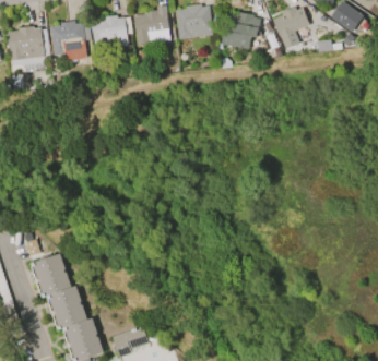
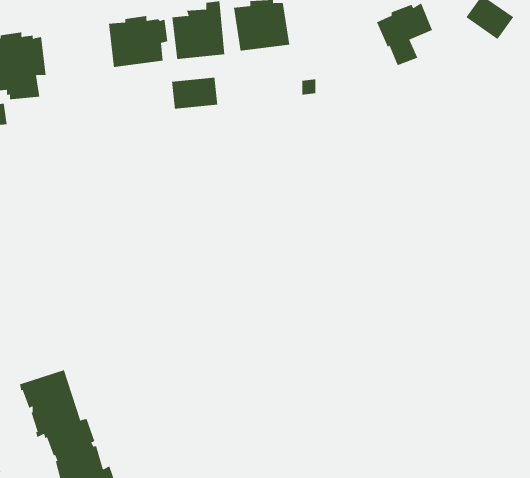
building: [221,13,260,49] -> none
building: [48,21,90,61] -> none
building: none -> [171,77,218,109]

